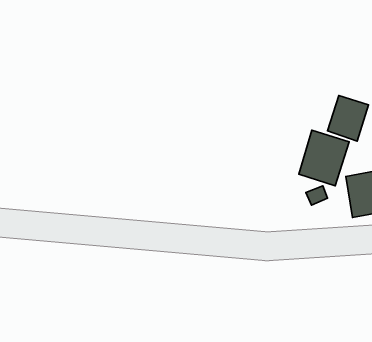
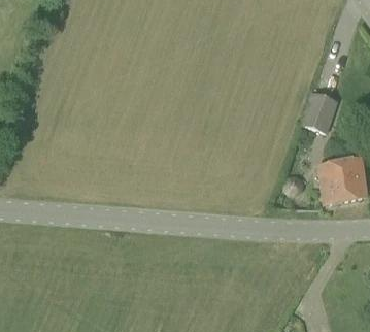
building: [299,130,349,186] -> none

